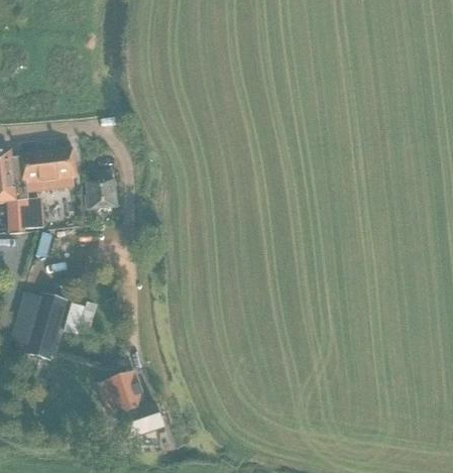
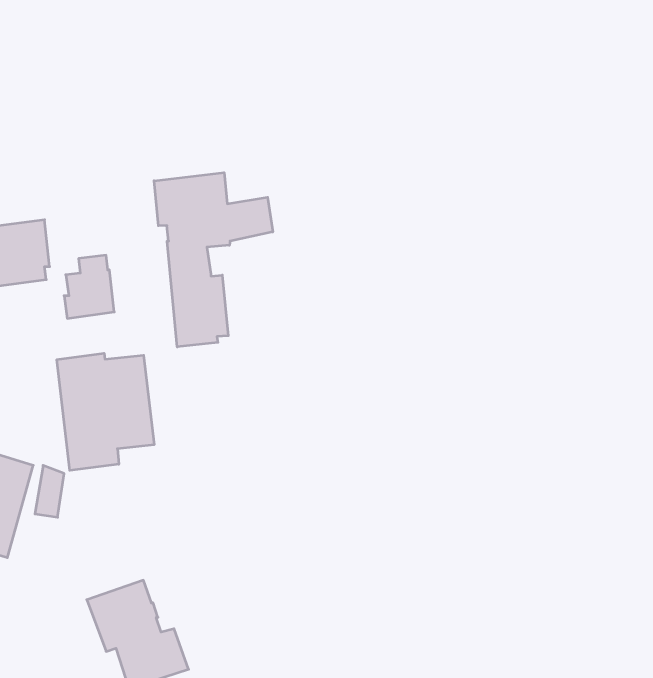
building: none -> [154,173,273,347]
building: none -> [57,353,154,470]

